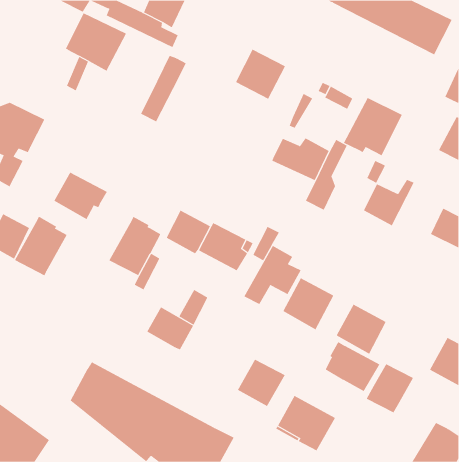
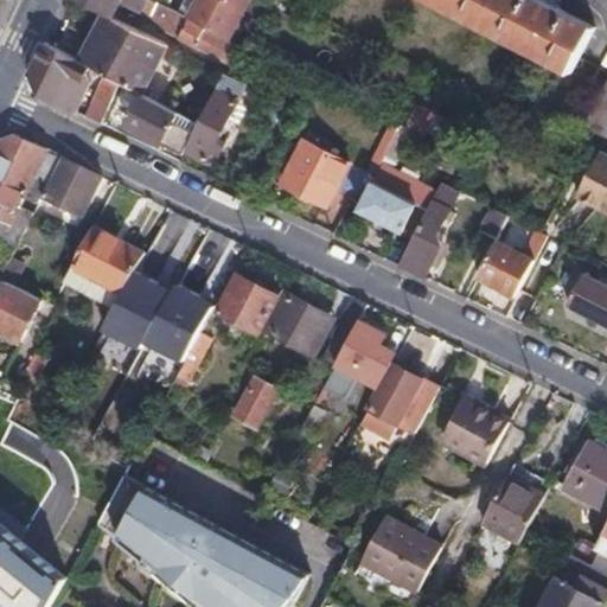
building: none -> [28,41,88,110]
building: [235,49,286,99] -> [279,140,345,206]
building: none -> [124,94,197,149]
building: [343,97,402,156] -> none
building: none -> [40,156,98,213]
building: [14,216,68,276] -> [100,268,170,347]
building: [147,307,194,350] -> none
building: [325,341,380,392] -> none
building: [237,359,285,407] -> none

